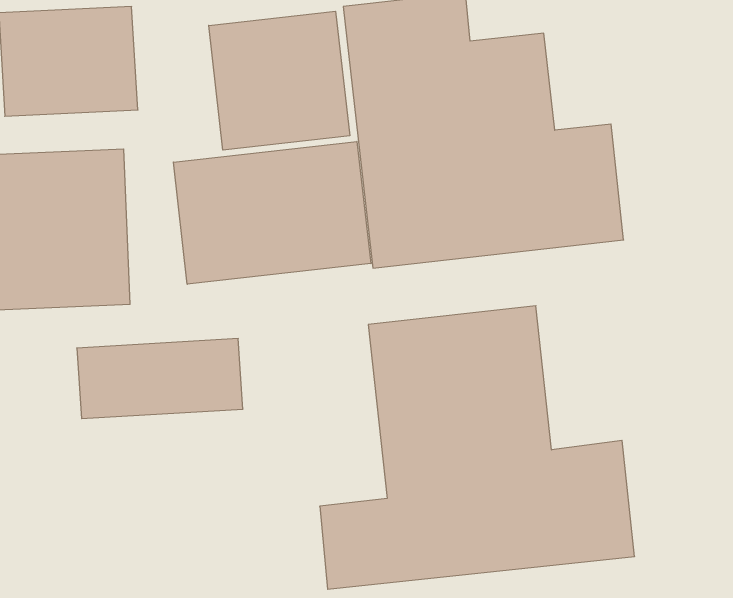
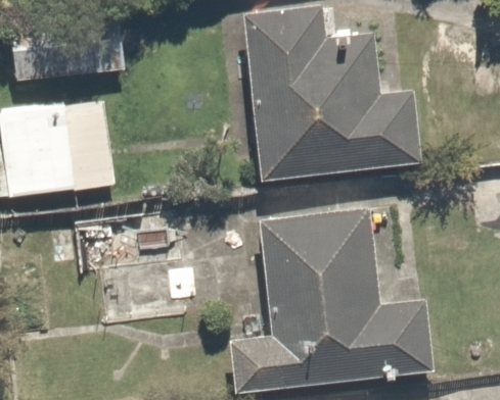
building: [209,11,350,150] -> none
building: [173,141,371,284] -> none

